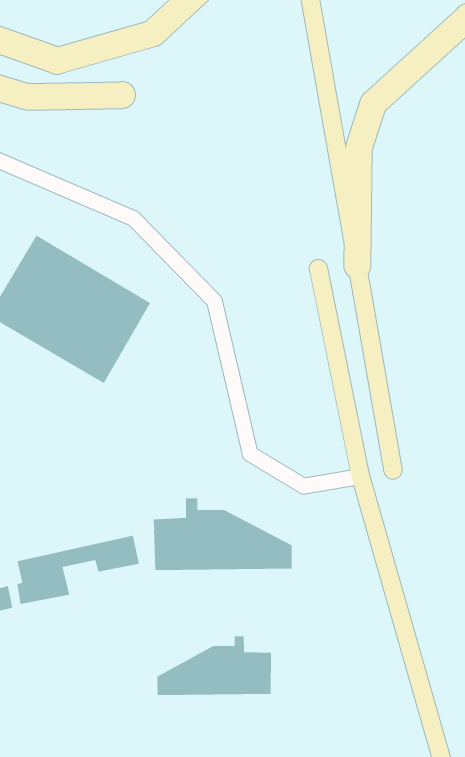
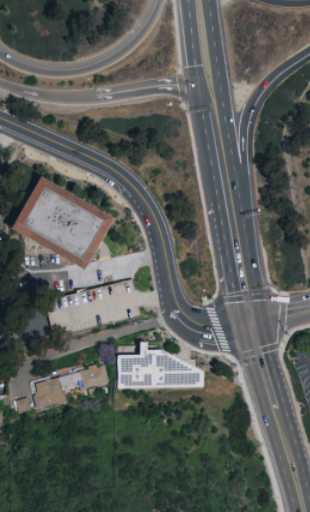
building: [156,635,272,696] -> none

